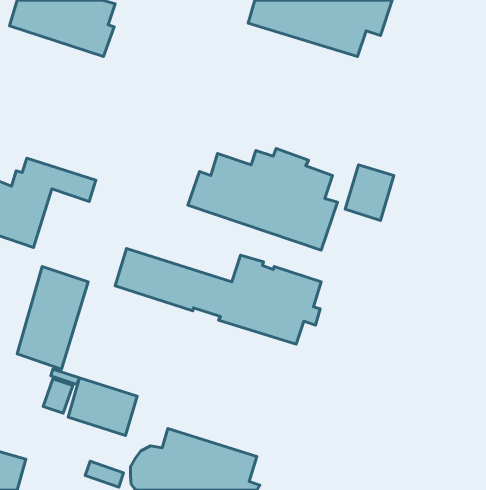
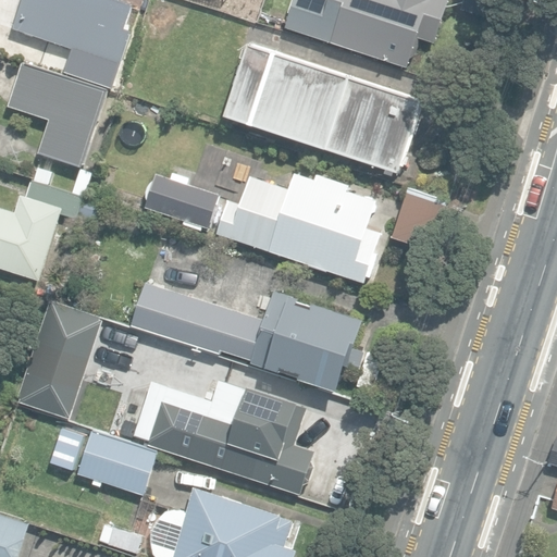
building: none -> [224,44,421,173]
building: none -> [8,63,107,169]
building: none -> [144,172,218,231]
building: none -> [132,374,313,494]

